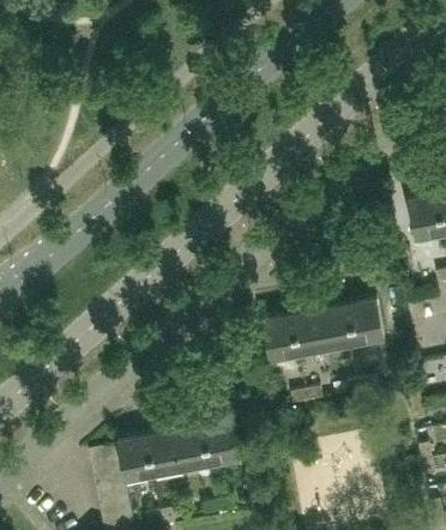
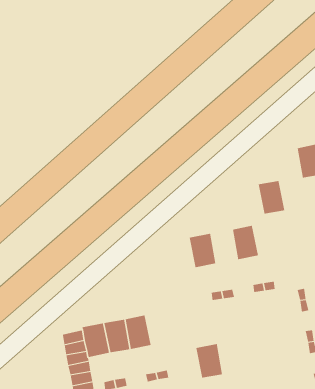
building: [346,301,384,347] -> [258,180,285,214]
building: [290,312,326,357] -> none
building: [201,421,239,468] -> [195,344,223,378]

